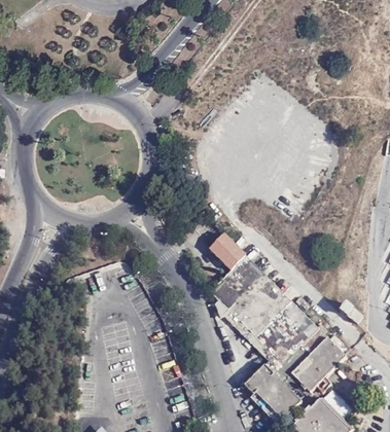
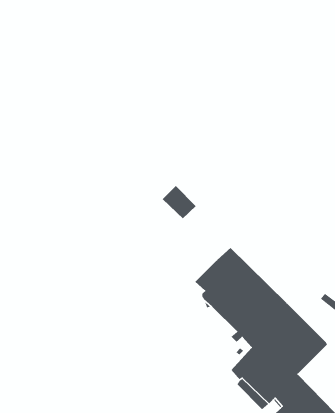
building: [209,235,245,269] -> [162,185,197,219]

